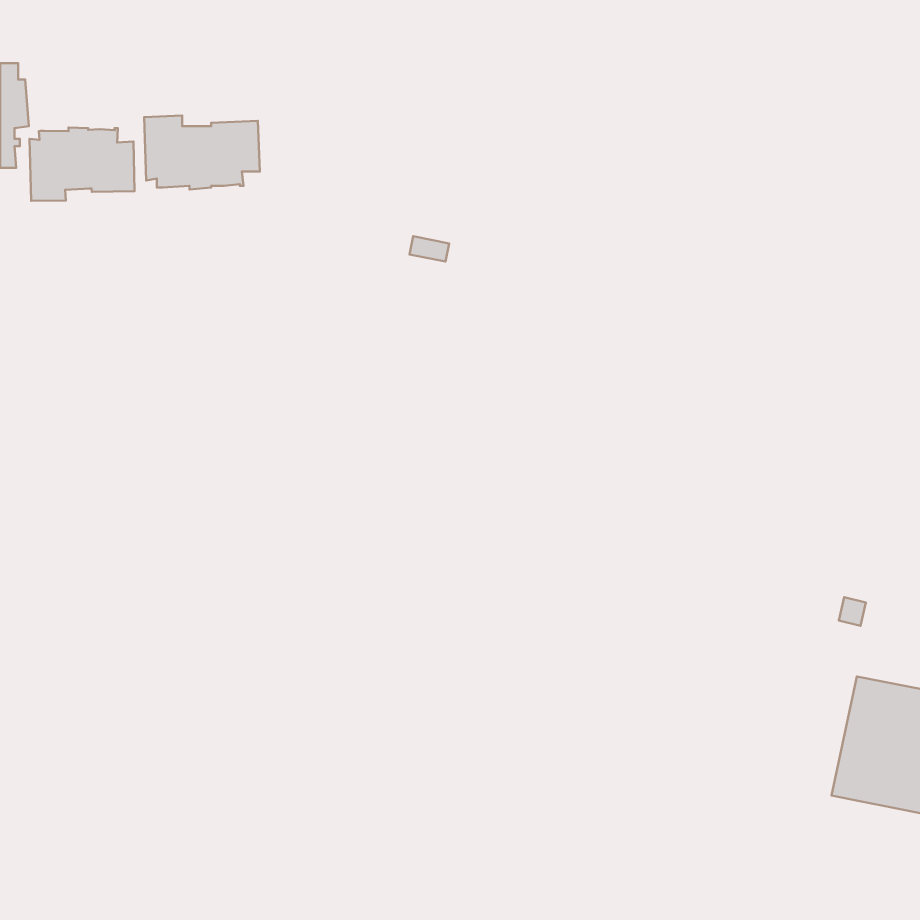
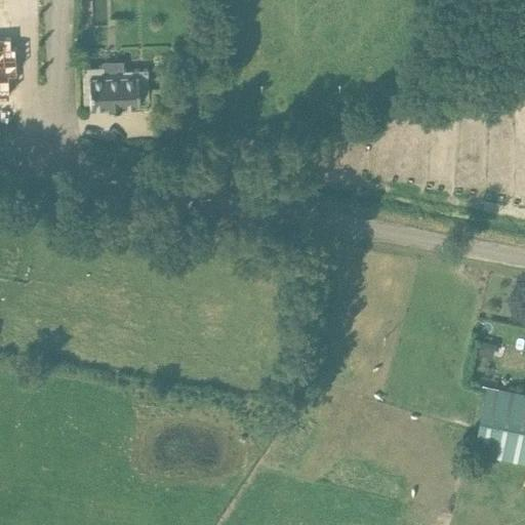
building: [29,127,135,201] -> none

